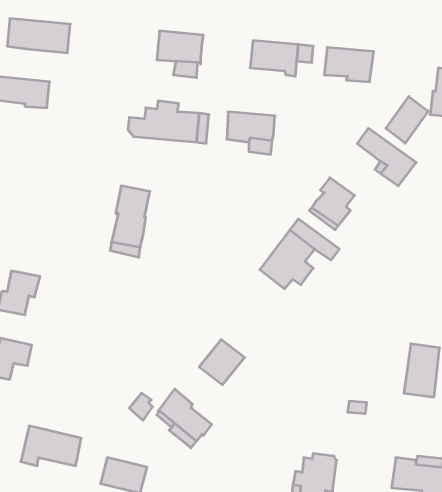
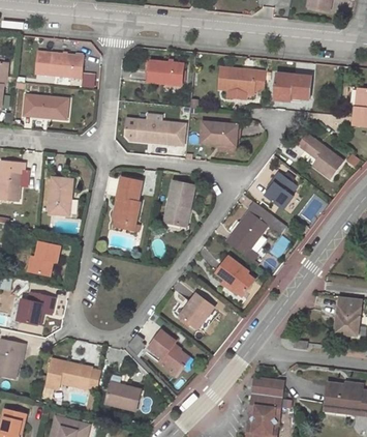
building: [386,96,428,143] -> none
building: none -> [49,177,72,214]
building: none -> [163,180,195,225]
building: none -> [216,256,254,295]

